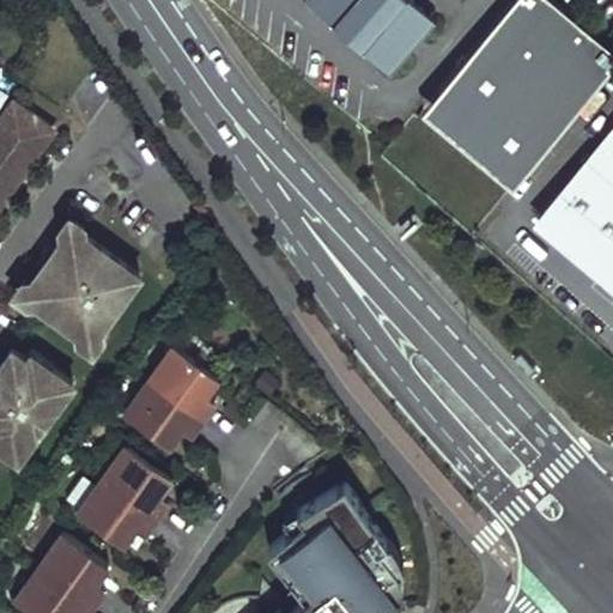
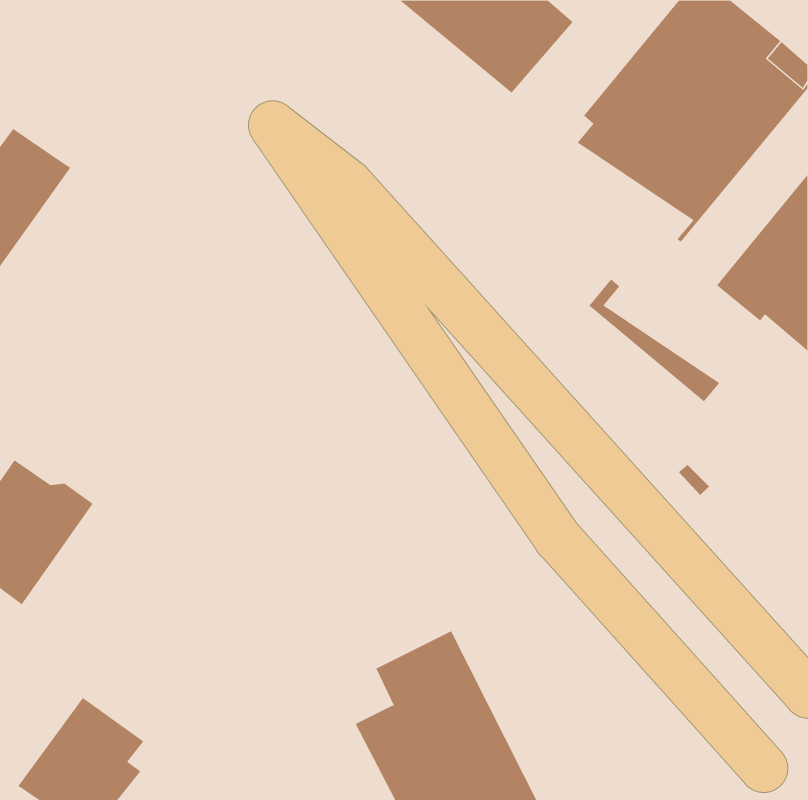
building: [424,95,523,188] -> [589,279,720,402]
building: [28,237,138,341] -> none
building: [123,350,218,450] -> none
building: [75,447,172,550] -> none

